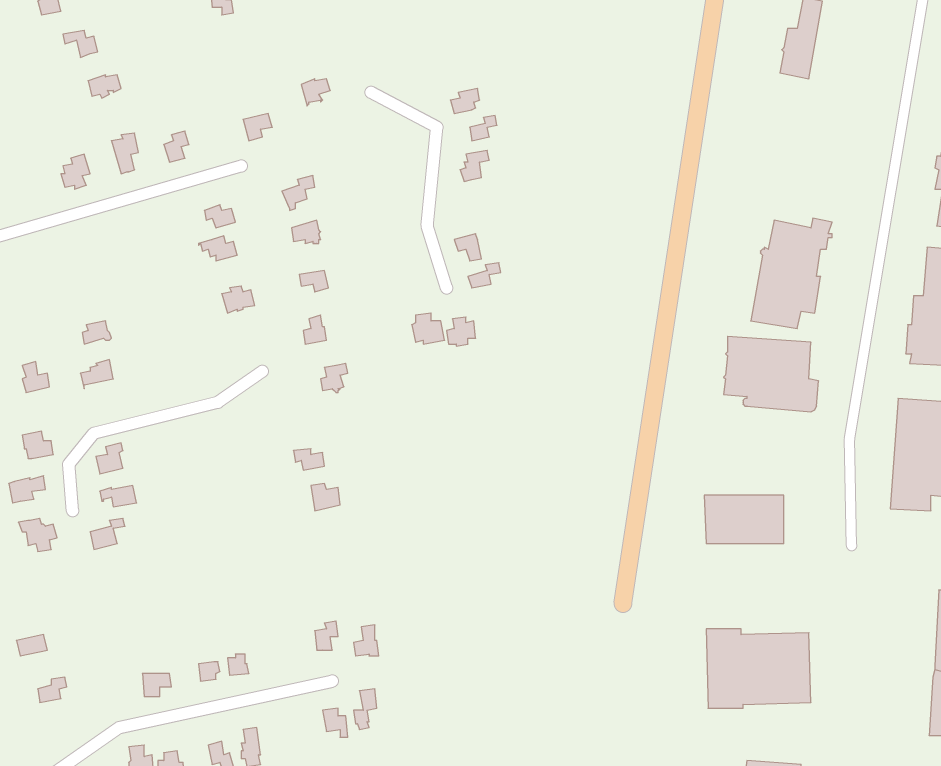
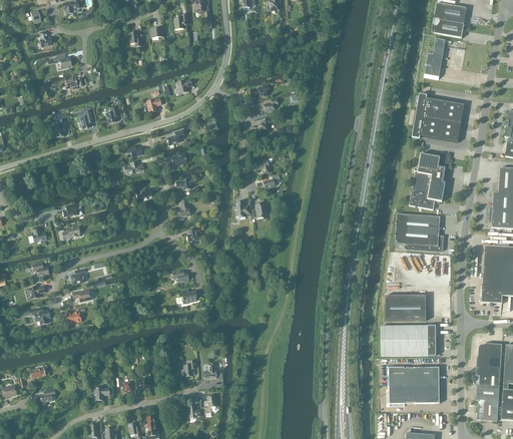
building: none -> [413,93,465,141]
building: none -> [382,325,436,356]
building: none -> [477,343,503,420]

